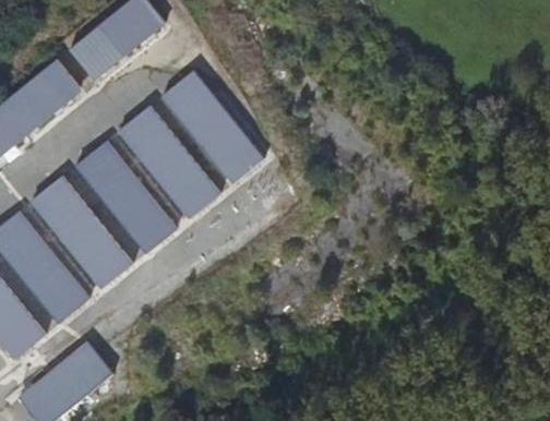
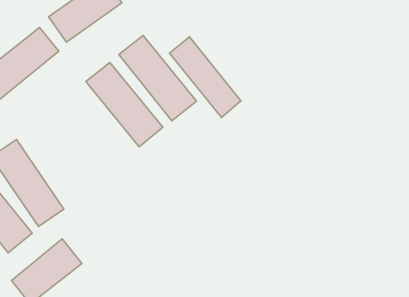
building: none -> [169,37,241,118]
building: [75,139,178,254] -> none
building: [31,176,133,289] -> none

